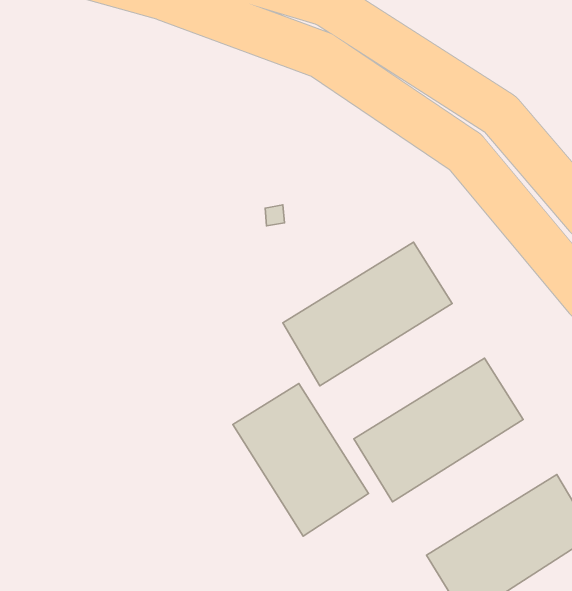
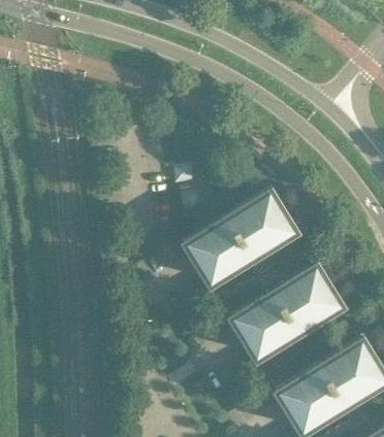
building: [233,384,368,536] -> none

